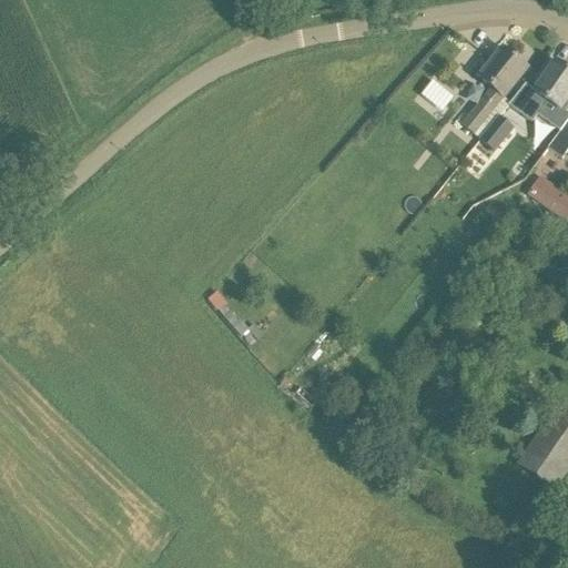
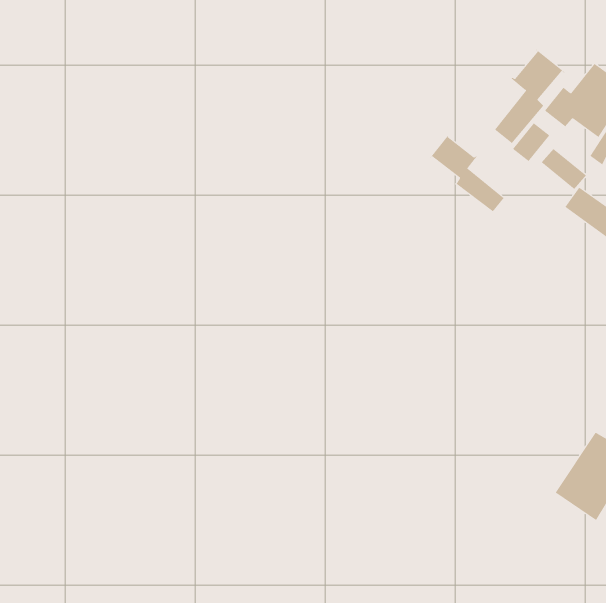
building: none -> [429,134,504,212]
building: none -> [541,148,587,190]

